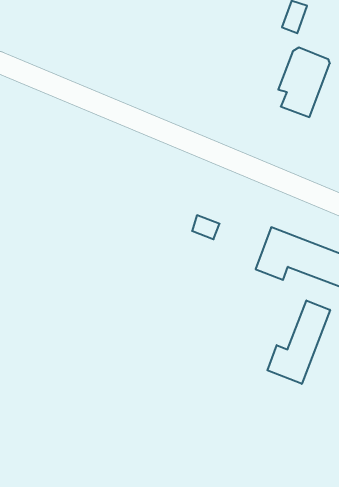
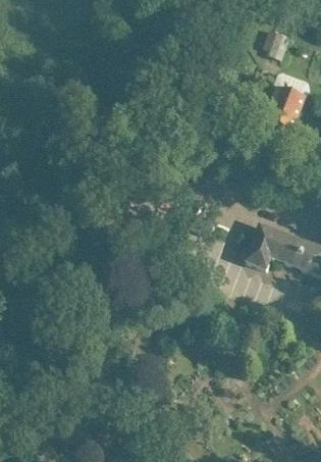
building: [267,300,330,384] -> none

